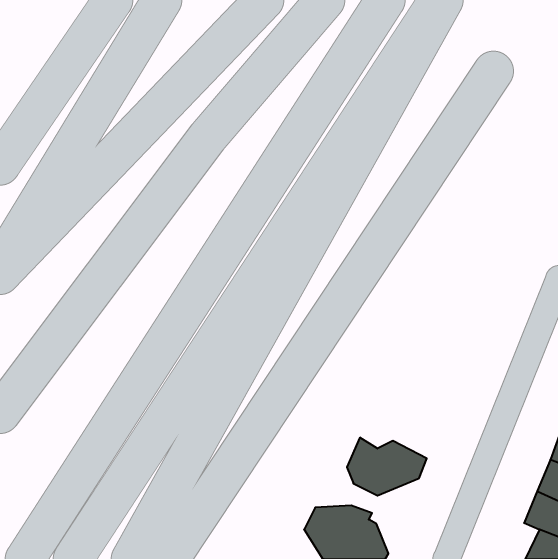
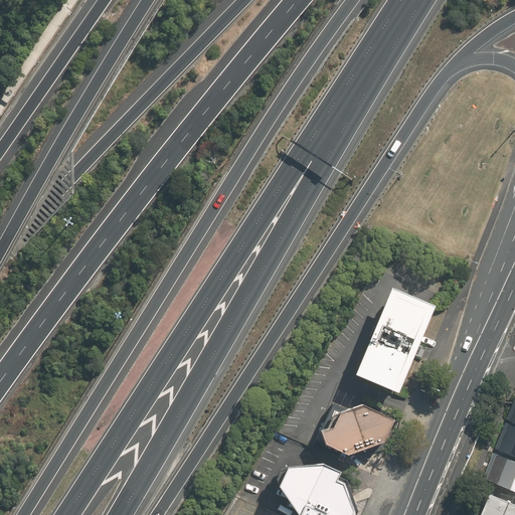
building: none -> [356,291,435,393]

